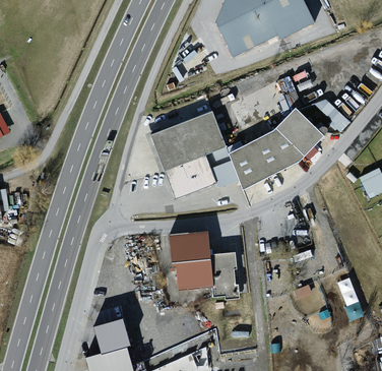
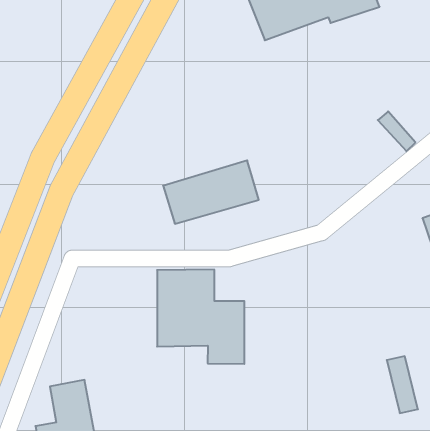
building: [230,107,324,188] -> none
building: [151,110,227,170] -> none

